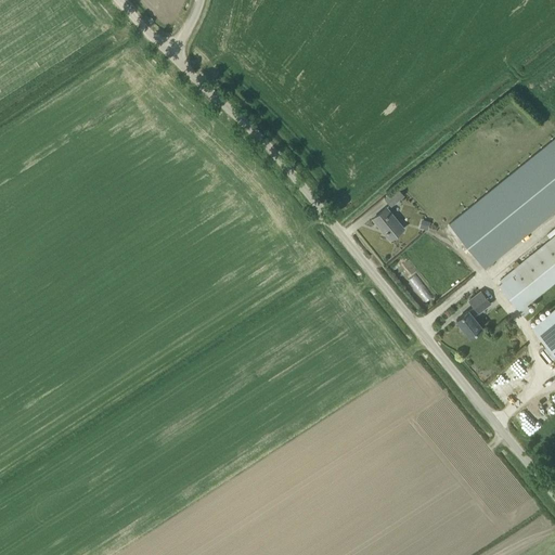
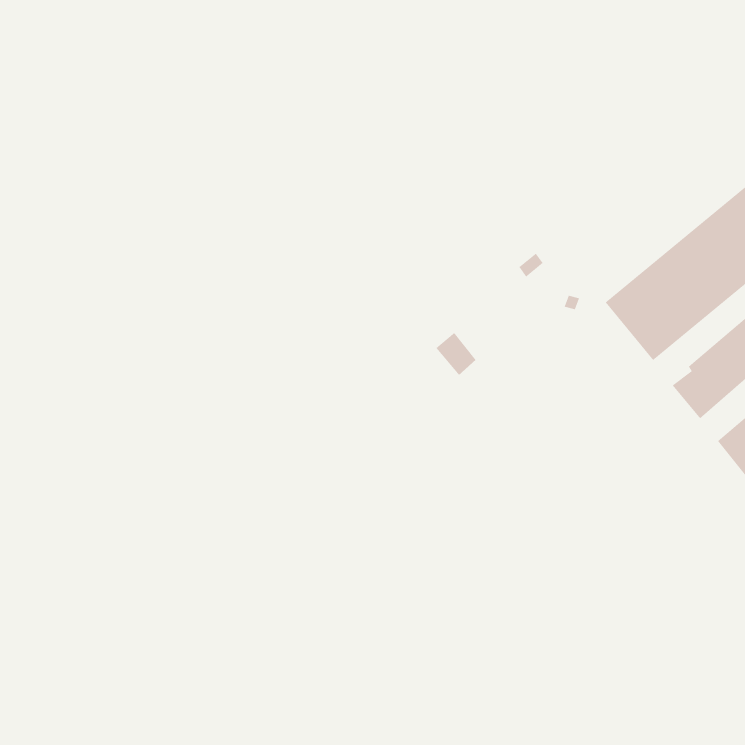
building: [374,208,404,241] -> [436,332,477,376]
building: [457,292,491,338] -> none

